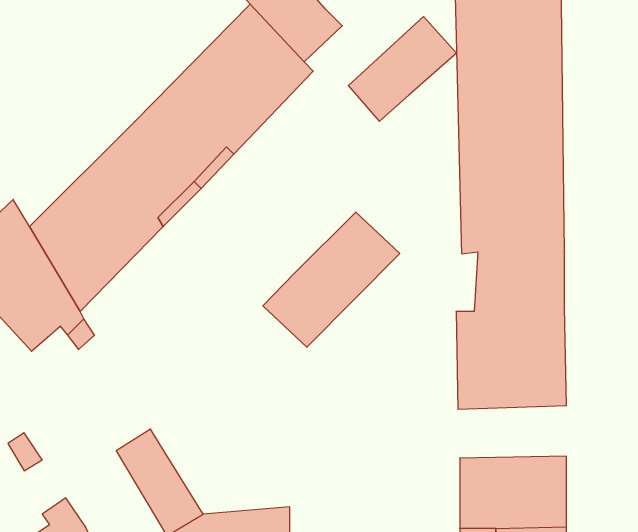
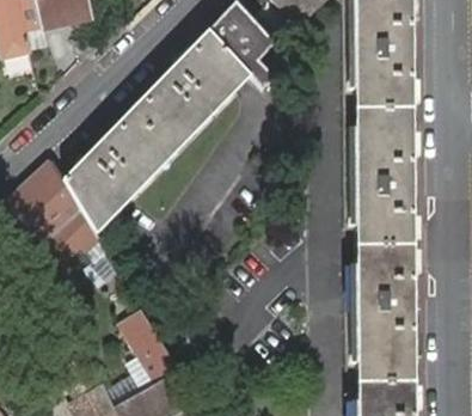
building: [348,17,457,121] -> none
building: [263,212,400,347] -> none
building: none -> [344,298,416,332]

